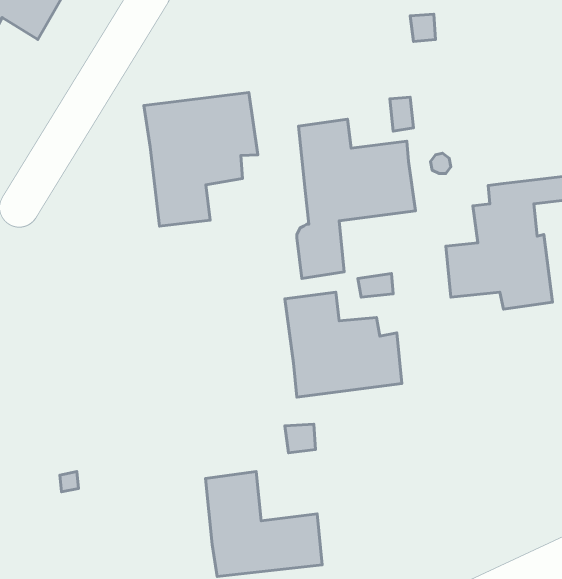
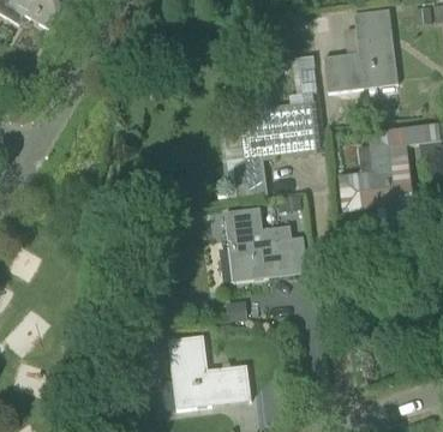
building: none -> [323,10,397,92]
building: [144,93,258,226] -> none

